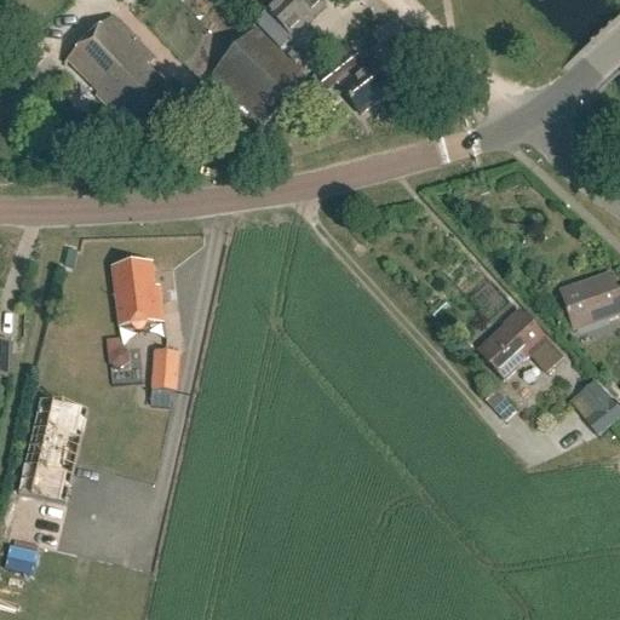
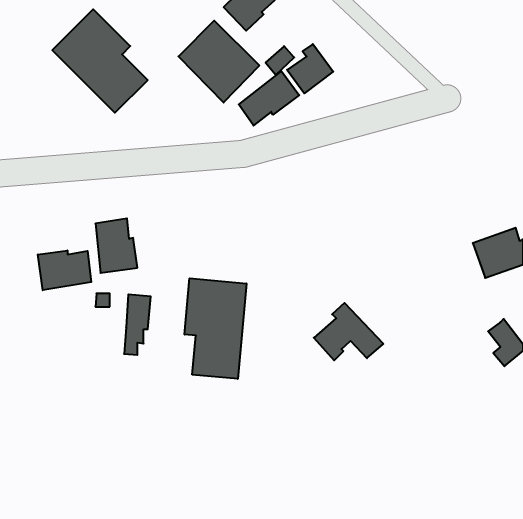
building: none -> [239,71,299,126]
building: none -> [38,250,91,290]
building: [482,306,564,374] -> [314,303,383,360]
building: none -> [185,278,246,379]

